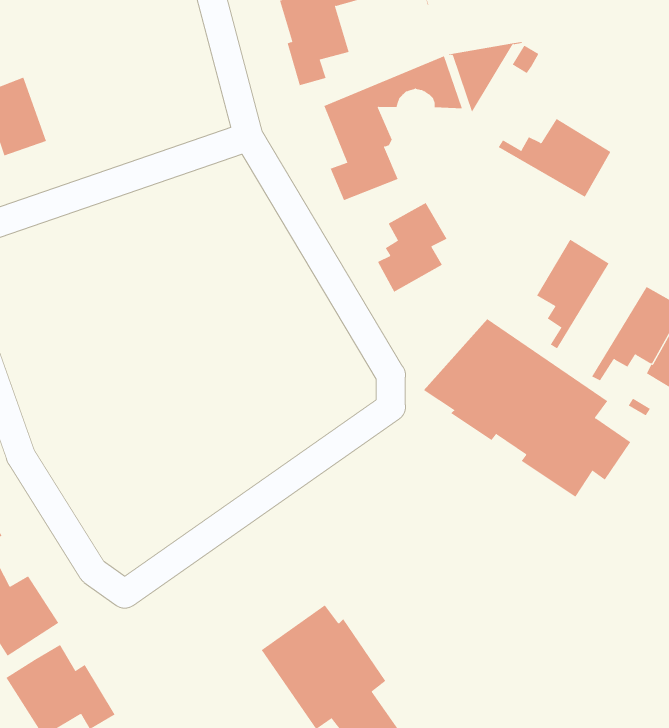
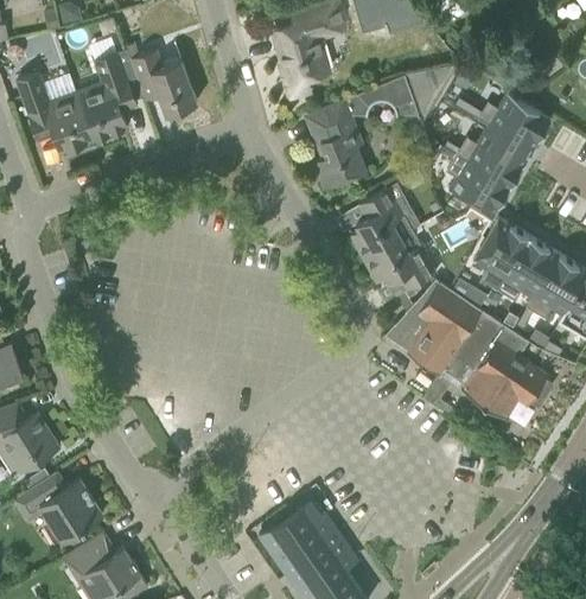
building: none -> [130,51,197,115]
building: none -> [76,55,135,142]
building: none -> [459,93,550,151]
building: none -> [437,144,511,217]
building: none -> [490,237,559,307]
building: none -> [364,238,437,299]

